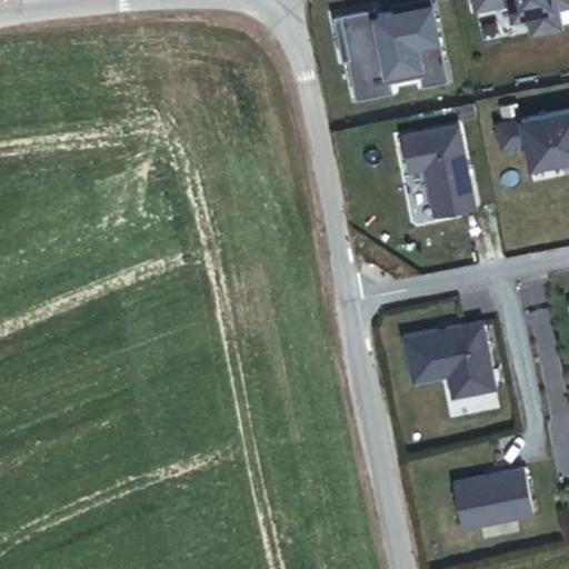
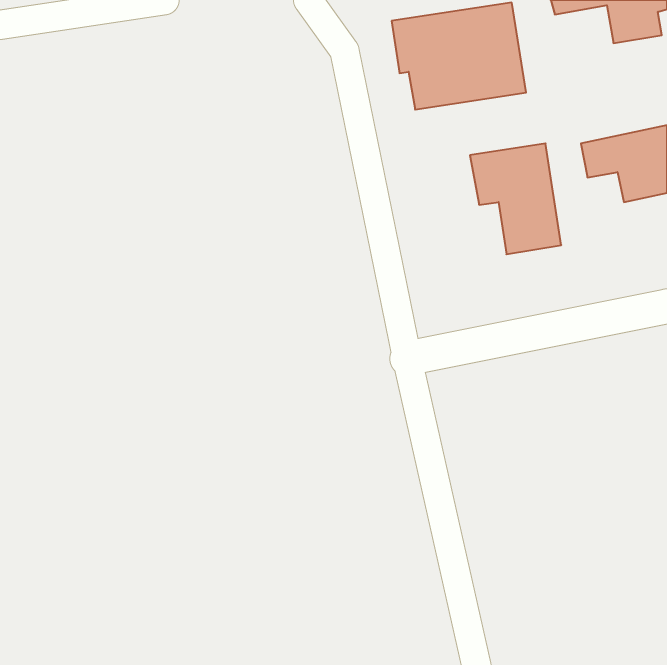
building: [401,317,498,399] -> none
building: [452,466,536,531] -> none

